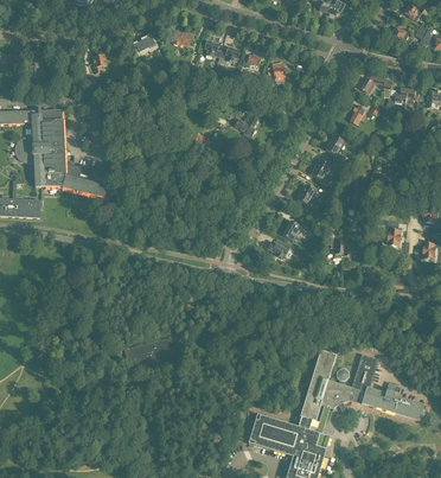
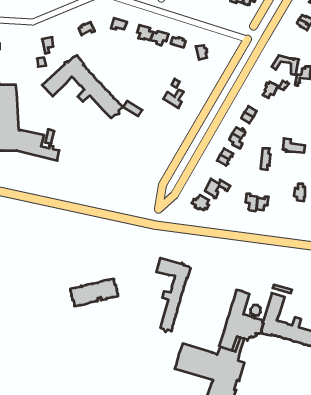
building: none -> [42,55,123,118]
building: none -> [156,258,191,332]

